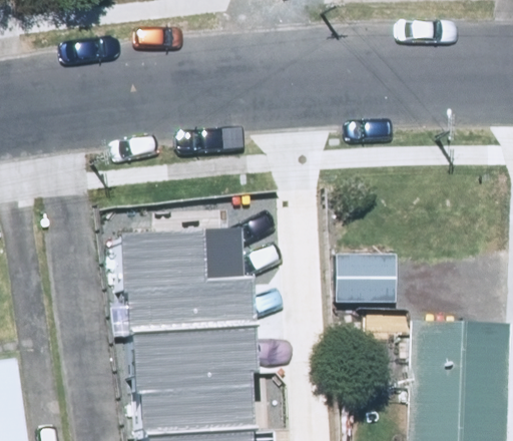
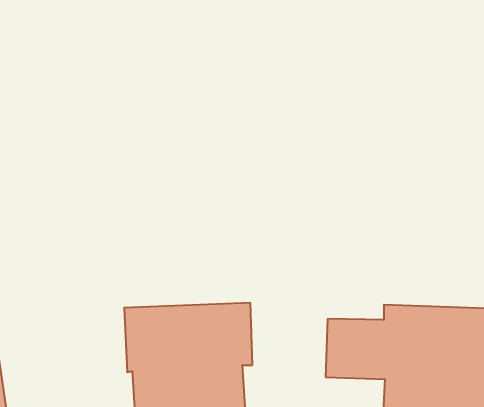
building: [122,229,261,335] -> none

